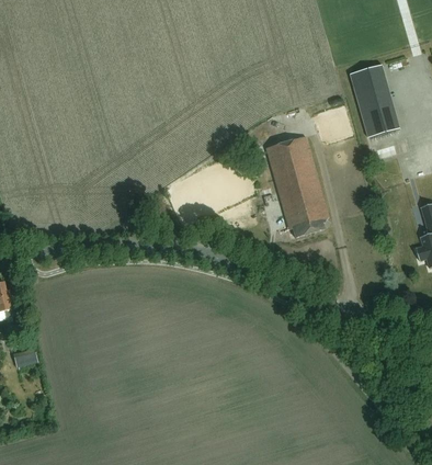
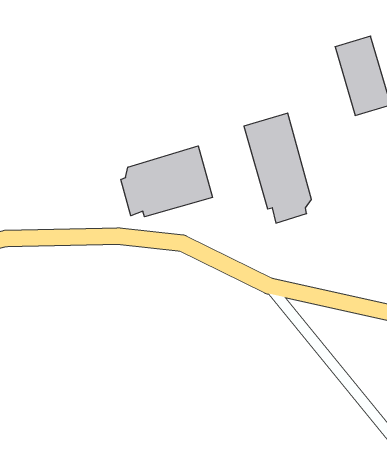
building: none -> [121,146,213,217]

